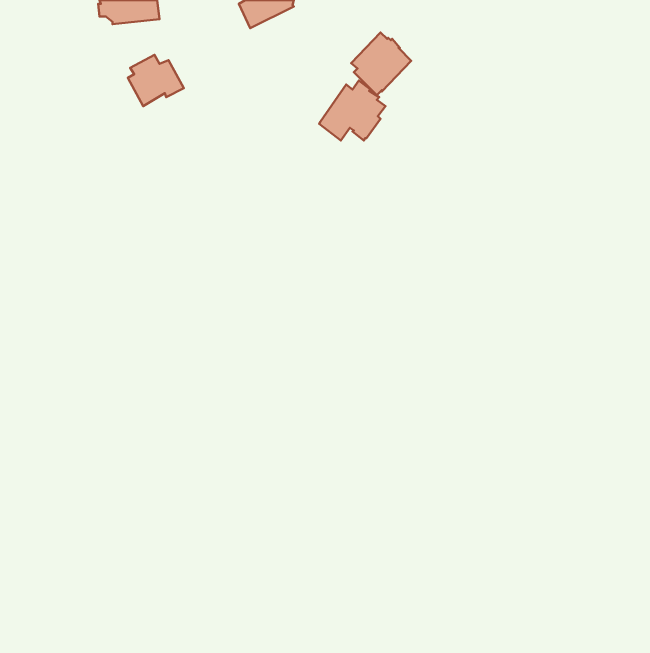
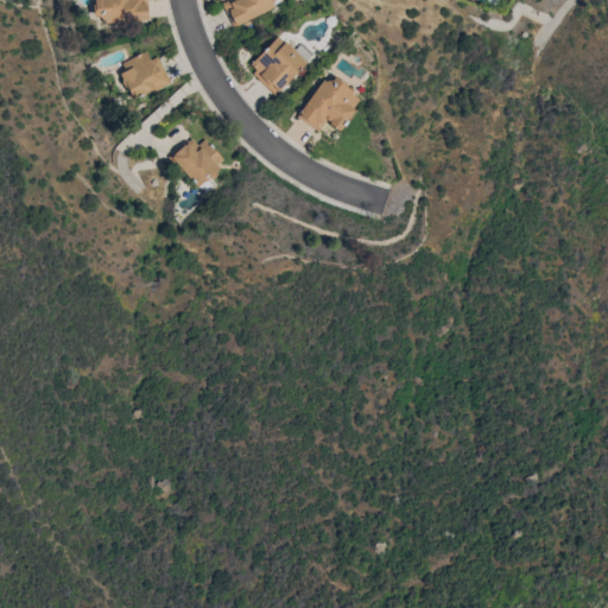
building: [351,33,411,95] -> [252,36,308,94]
building: none -> [170,138,226,194]

